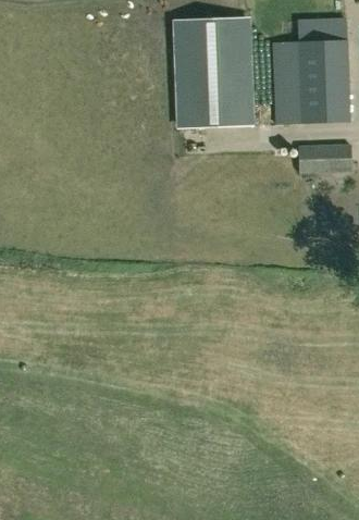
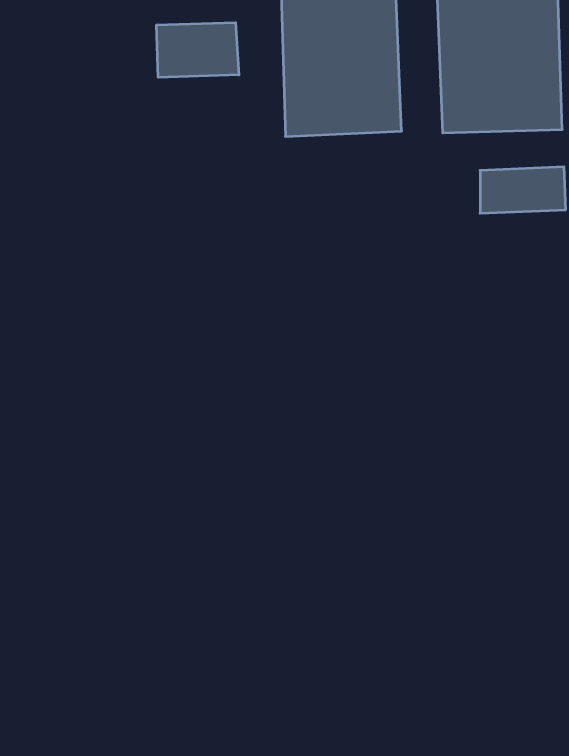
building: none -> [157,23,239,77]

